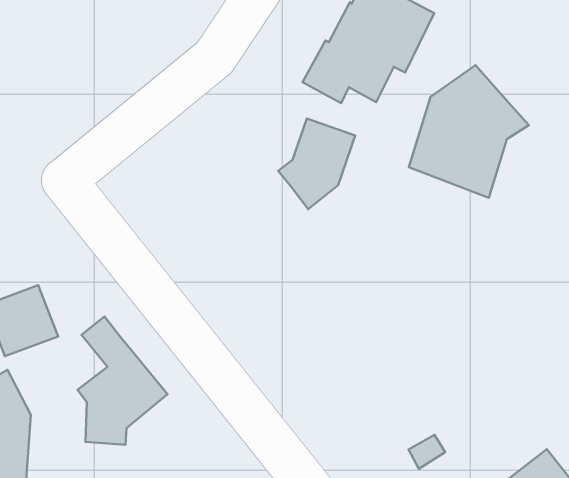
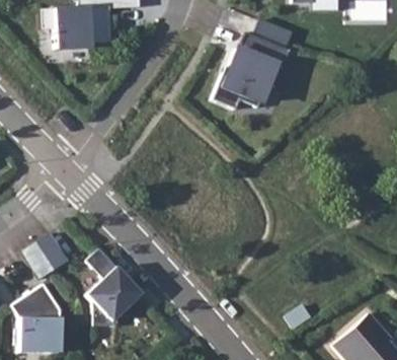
building: [409,65,529,198] -> none
building: [278,119,355,209] -> none

